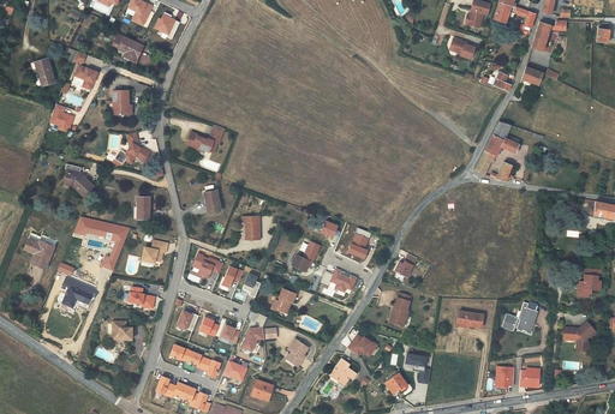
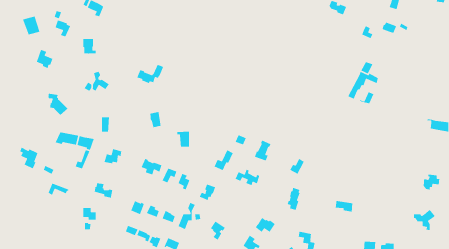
building: [502,302,537,332] -> none

